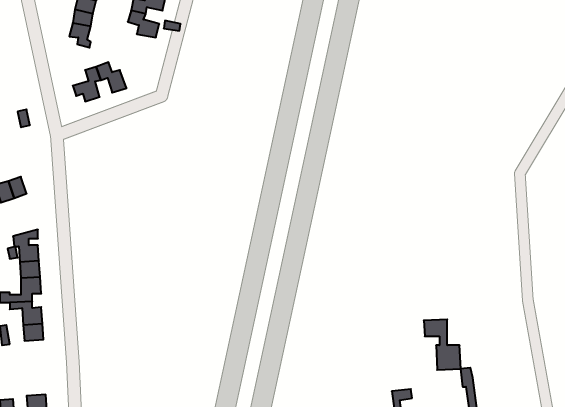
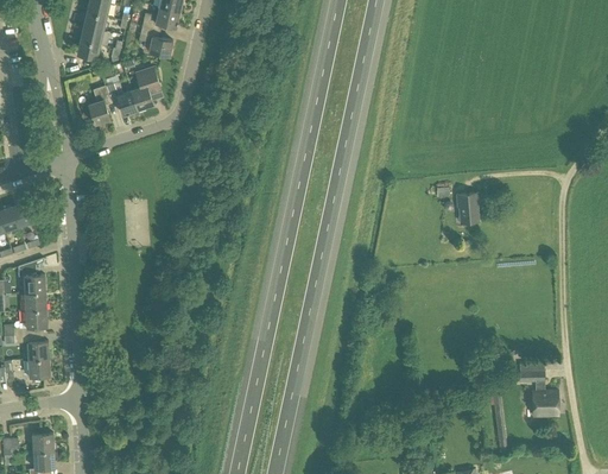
building: none -> [131,70,159,109]
building: none -> [456,192,479,222]
building: [424,319,461,370] -> [519,364,558,417]

